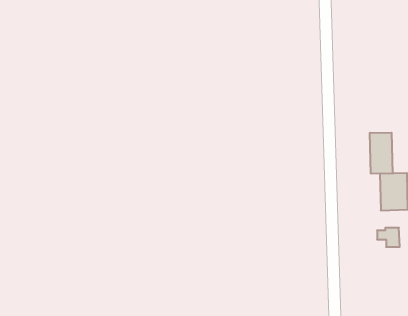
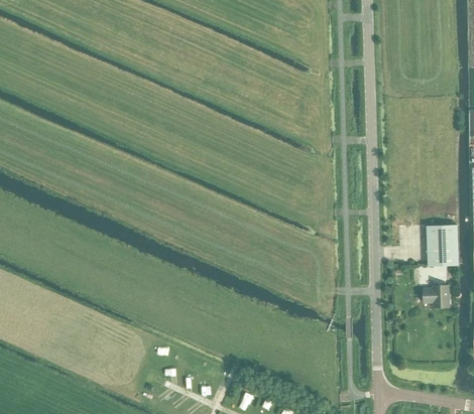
building: [370,133,393,174] -> none

